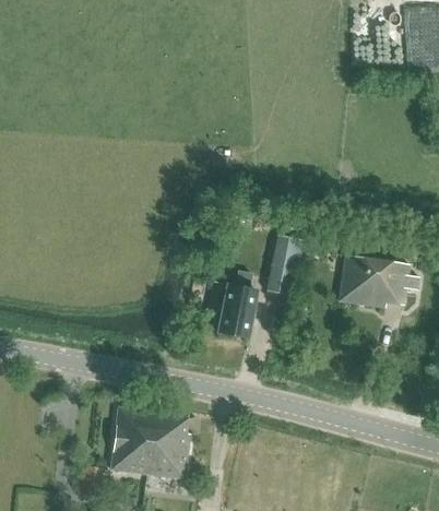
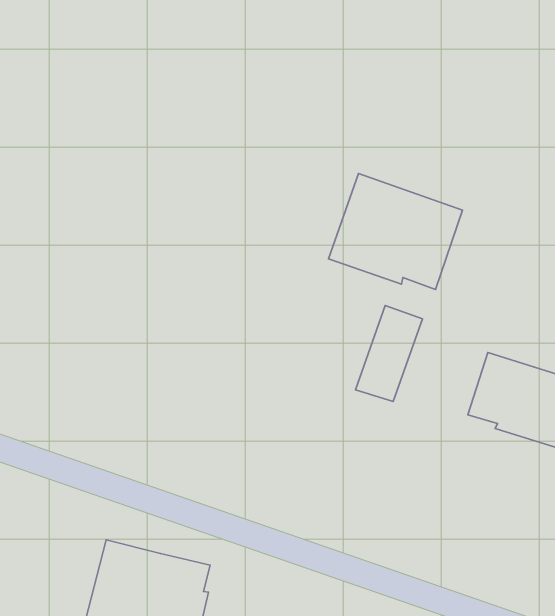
building: none -> [328,174,463,289]
building: [214,271,251,337] -> none

